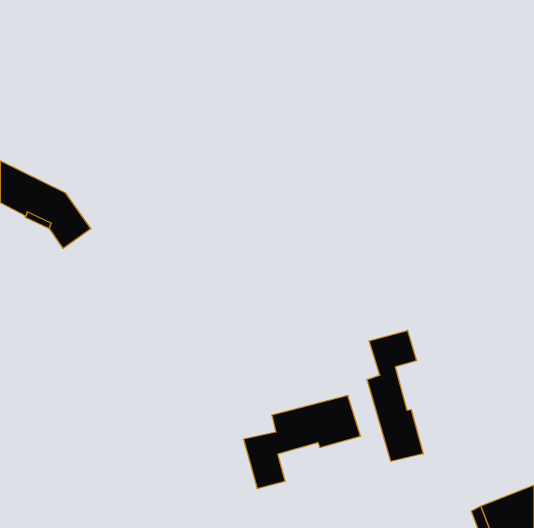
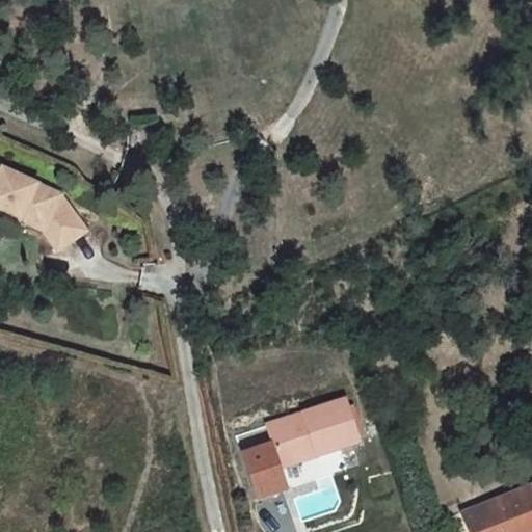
building: [367,330,423,461] -> none

